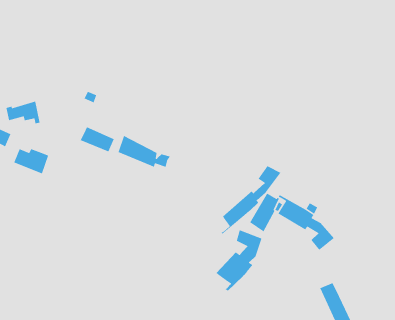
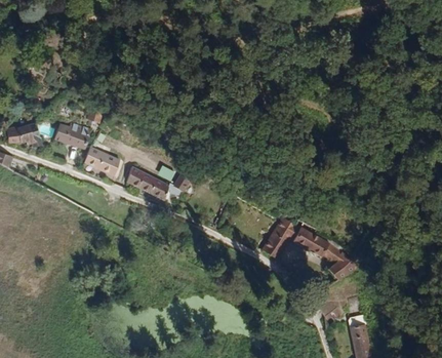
building: [13,148,49,175] -> [55,124,93,152]
building: [221,165,282,235] -> none
building: [215,229,262,292] -> none

